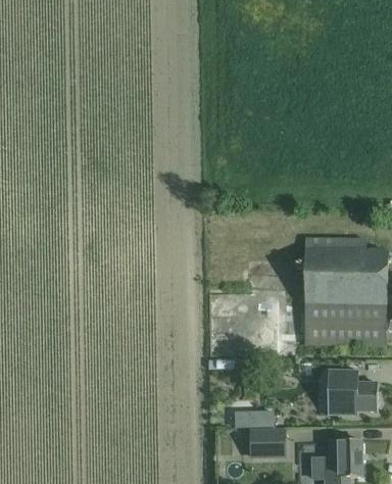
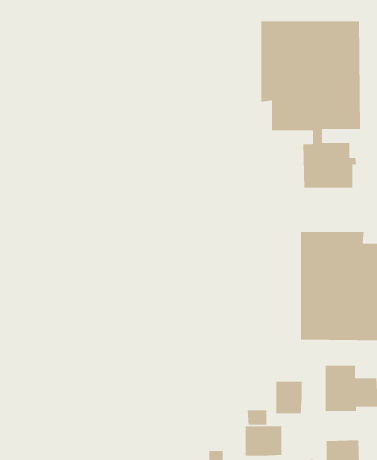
building: none -> [260,20,361,188]
building: none -> [275,381,302,414]

